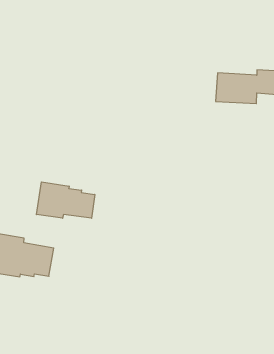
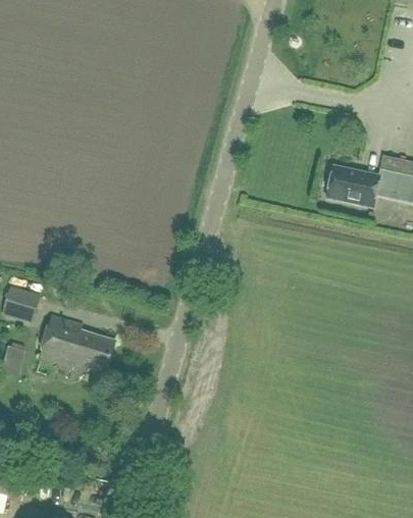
building: [36,182,95,218] -> none

